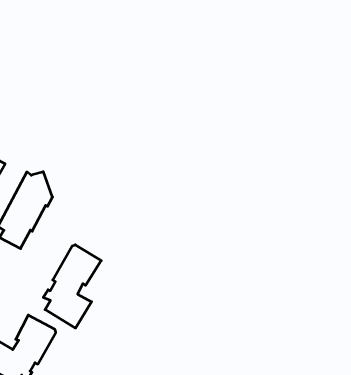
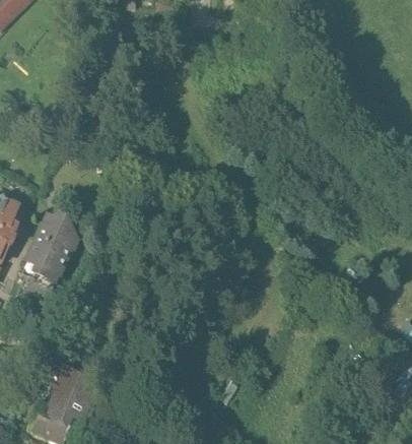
building: [43,245,101,328] -> none

